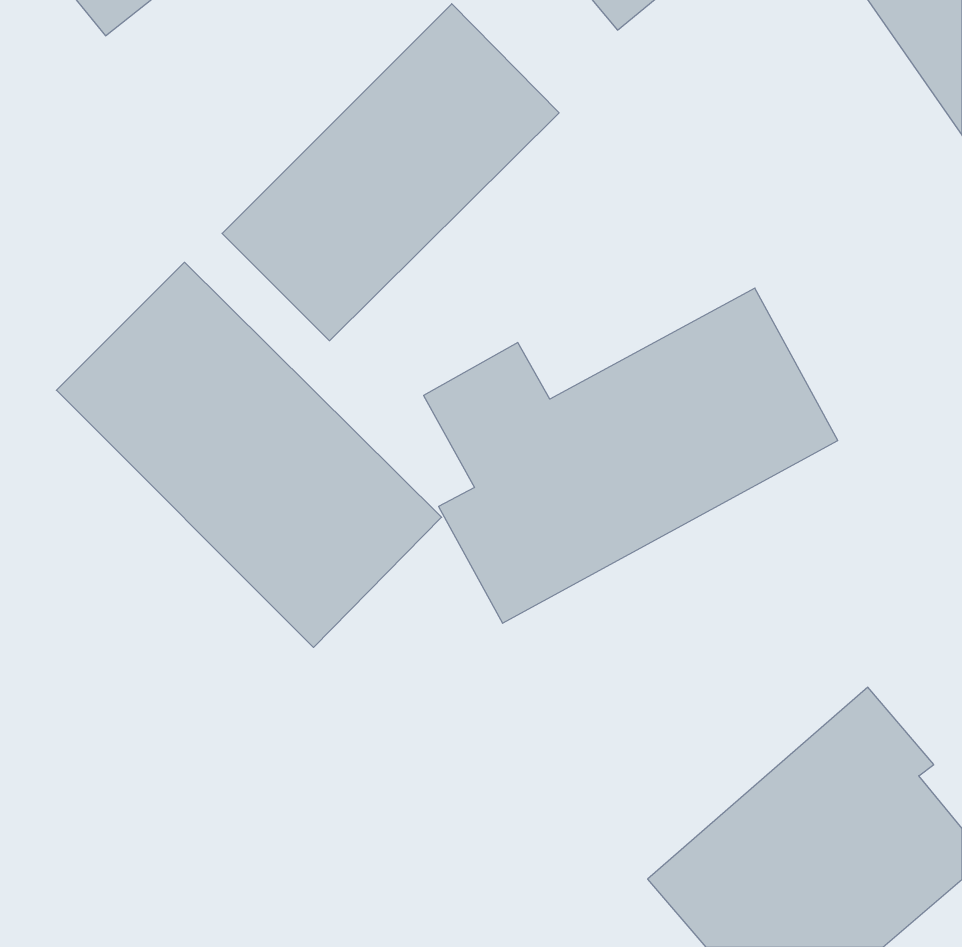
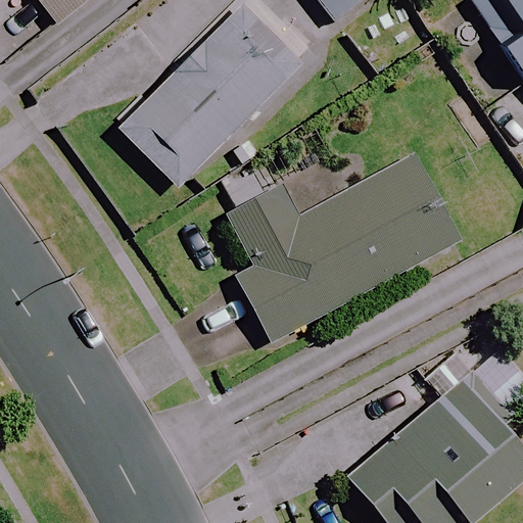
building: [56,262,442,647] -> none

